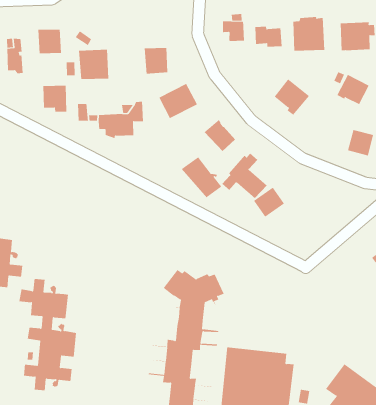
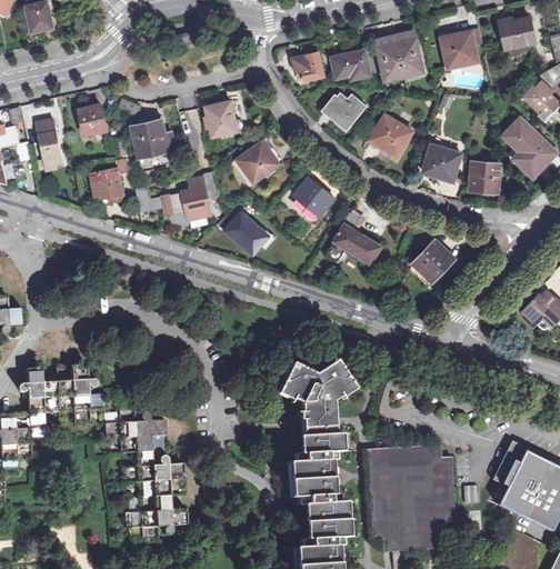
building: none -> [328,93,367,128]
building: [336,74,370,105] -> [423,143,461,178]
building: [181,157,222,198] -> [218,206,271,254]
building: [253,187,285,218] -> [416,242,454,281]

